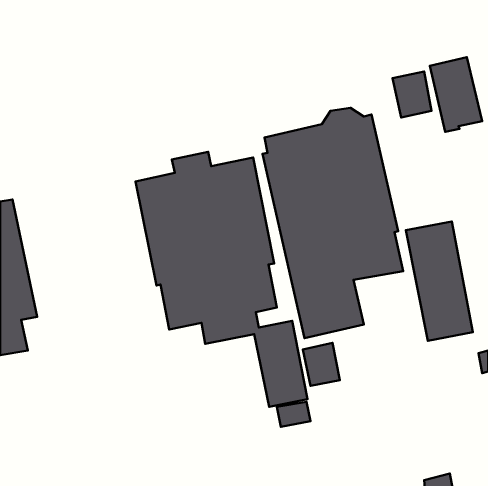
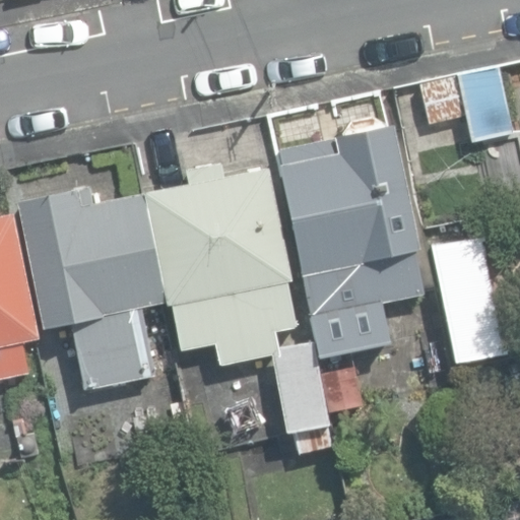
building: none -> [17,187,162,388]

